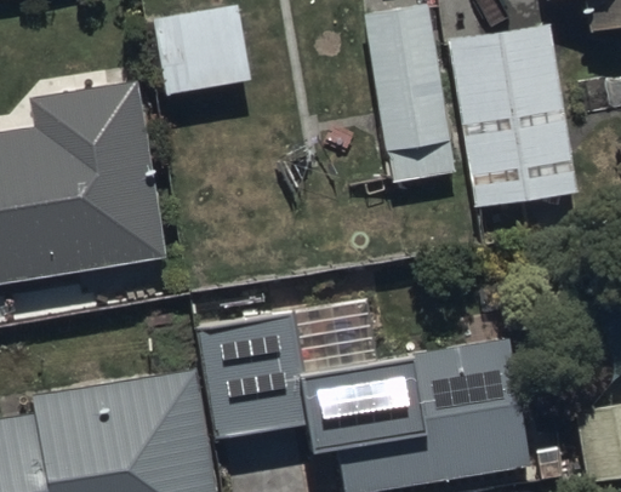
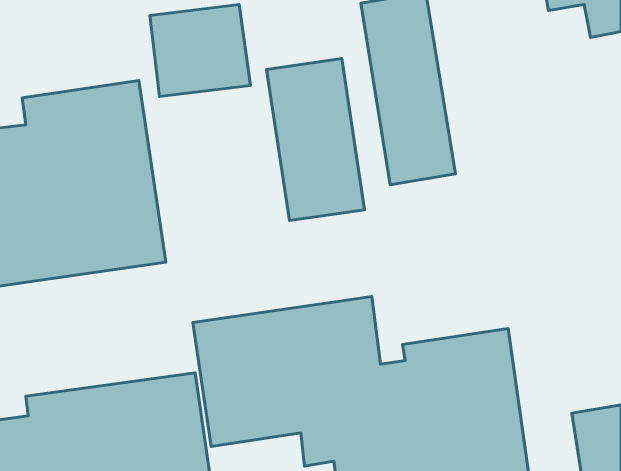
building: [445,17,580,210] -> none
building: none -> [267,59,365,221]

